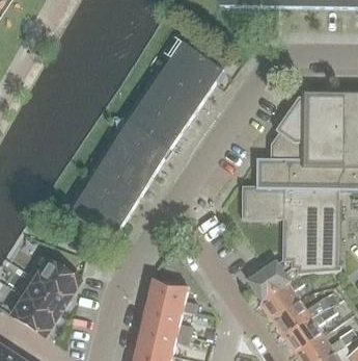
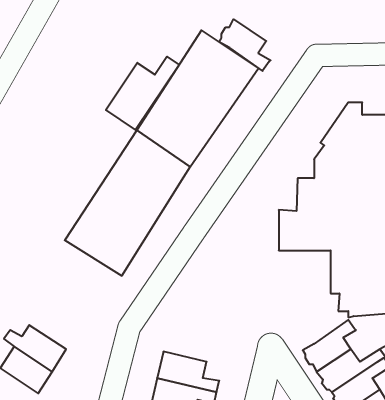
building: none -> [219,19,271,71]
building: none -> [106,57,179,130]
building: [248,254,299,301] -> none
building: [28,260,80,300] -> none
building: [147,278,198,313] -> none

